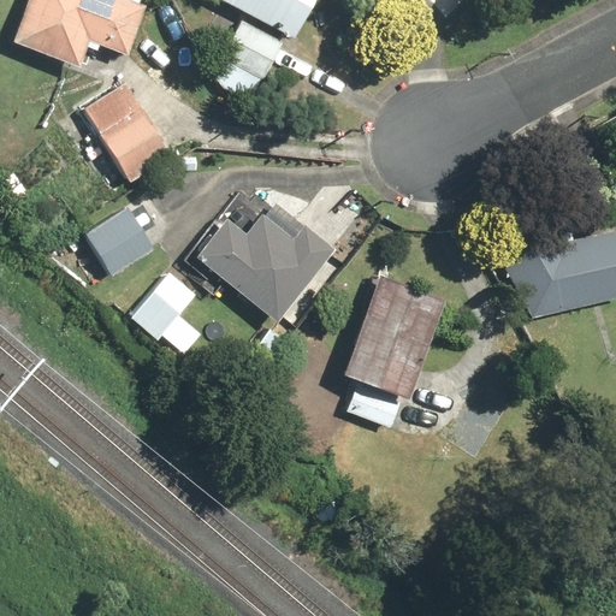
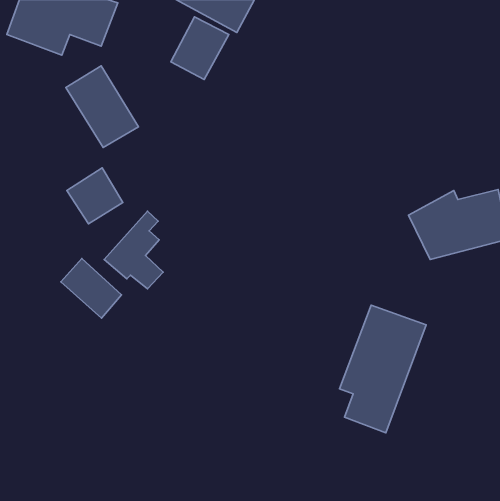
building: [195,212,337,325] -> none
building: [339,272,445,428] -> [340,305,426,433]
building: none -> [61,258,122,318]

